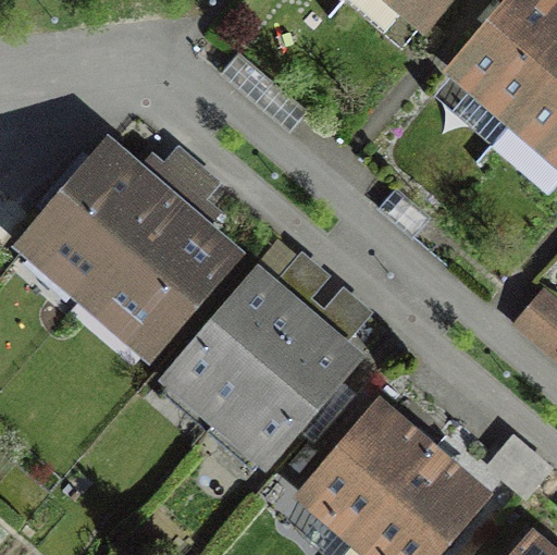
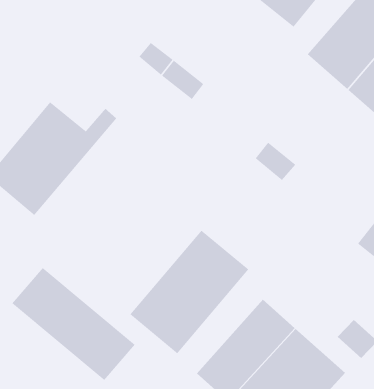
building: [79,159,237,348] -> none
building: [162,270,302,421] -> none
building: none -> [11,267,136,381]

